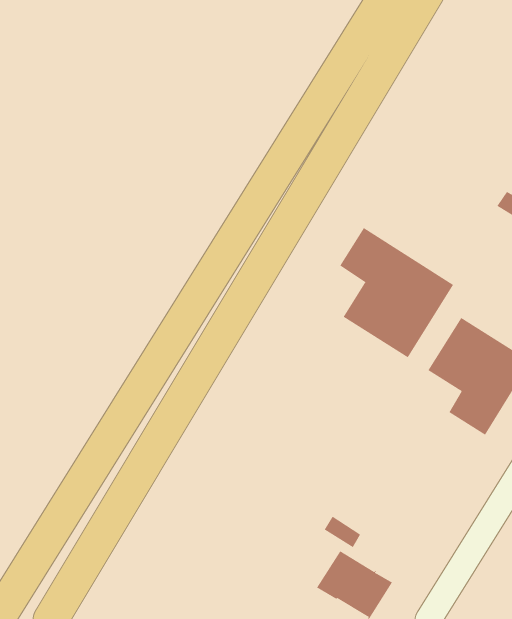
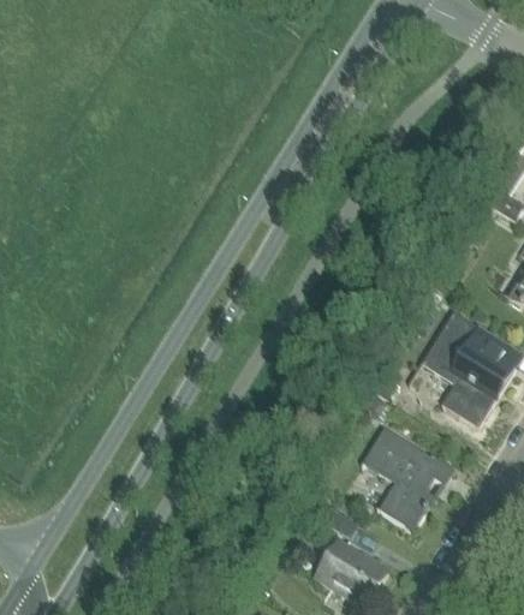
building: [340,227,454,358] -> none
building: none -> [362,426,452,530]

